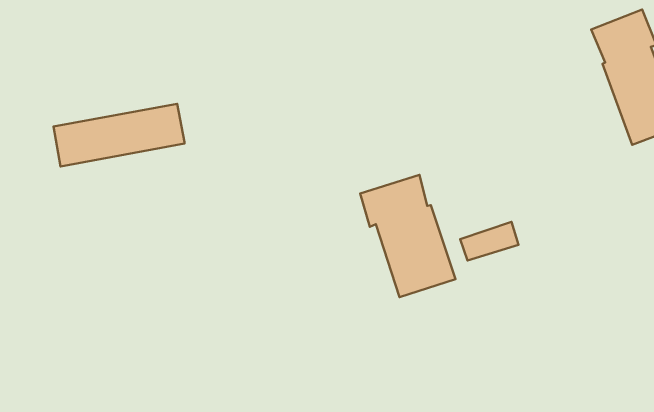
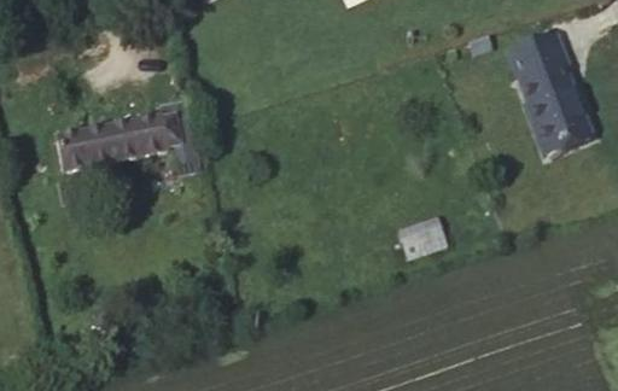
building: [360,175,455,297] -> none

